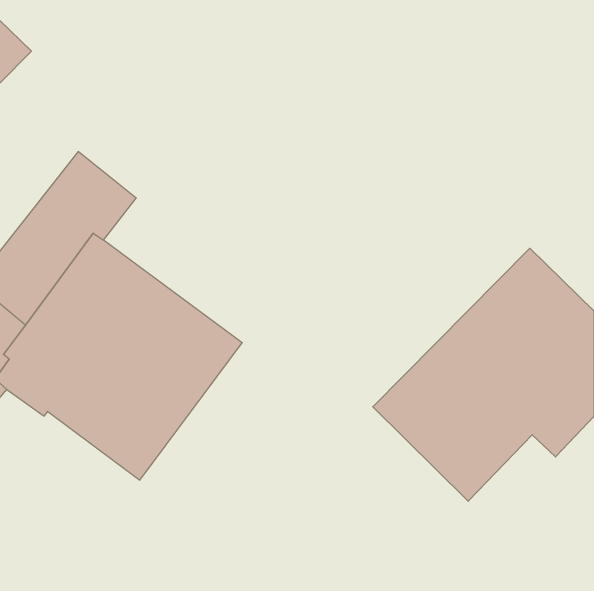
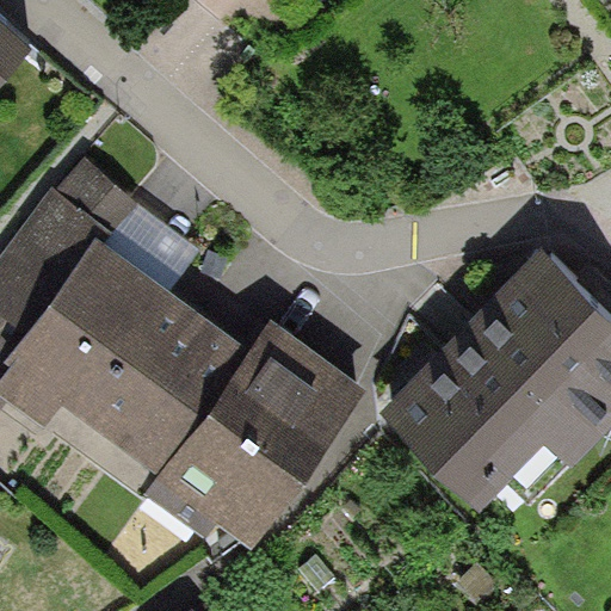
building: none -> [143,320,368,549]

